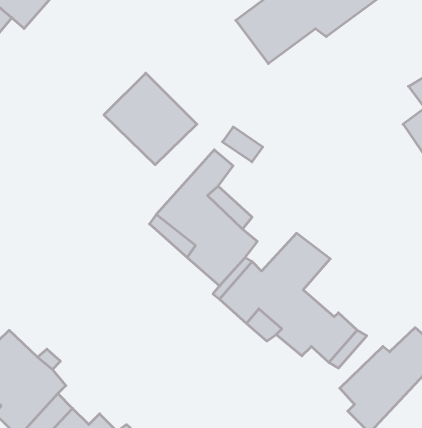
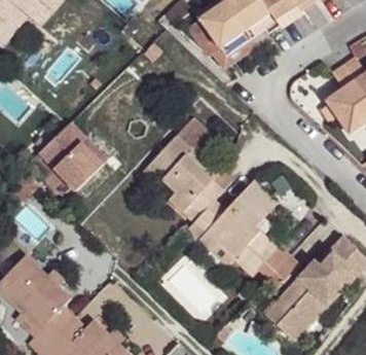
building: [104,73,197,165] -> [35,121,106,191]

